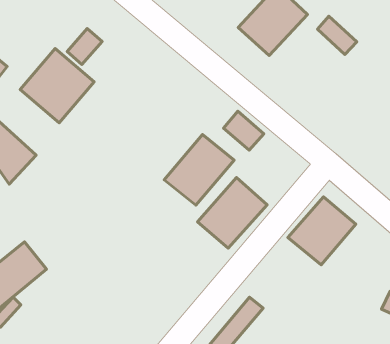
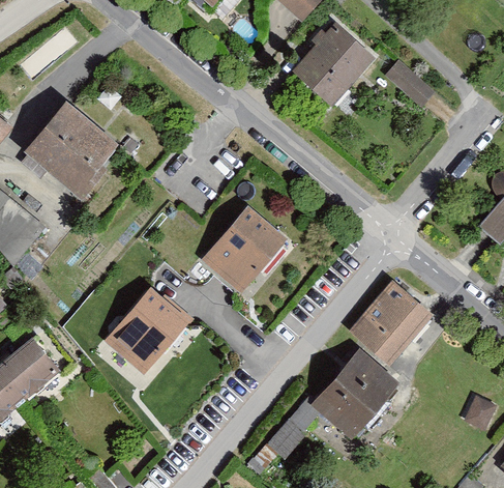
building: [67,28,102,65] -> none
building: [223,111,264,150] -> none
building: [197,178,267,248] -> [313,350,397,436]
building: none -> [106,288,189,375]

